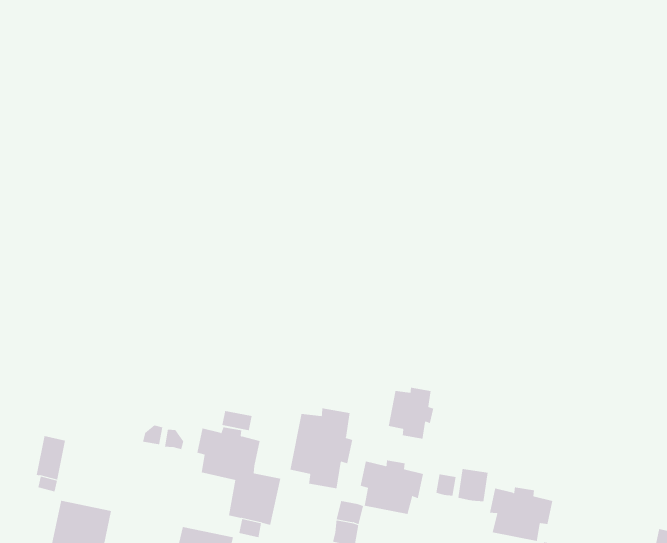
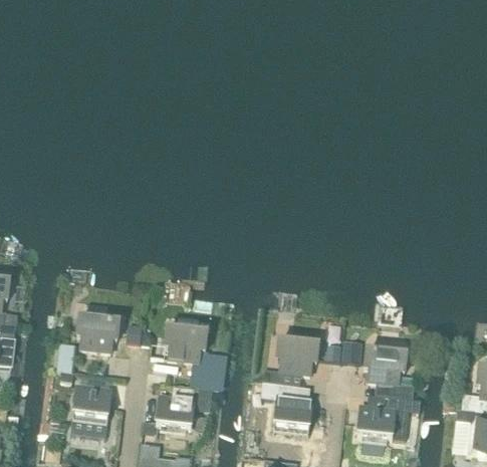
building: [388,387,434,439] -> none
building: none -> [77,310,119,352]
building: [290,408,353,489] -> none

